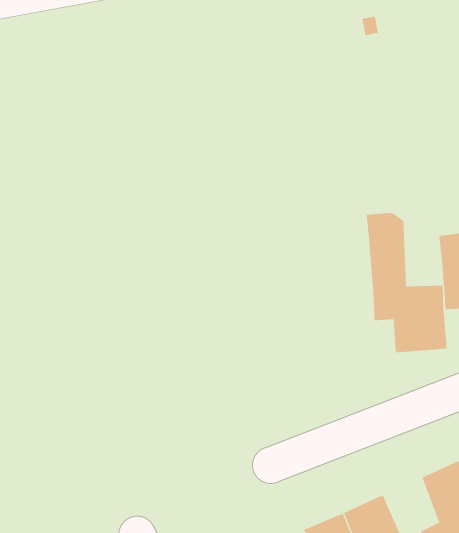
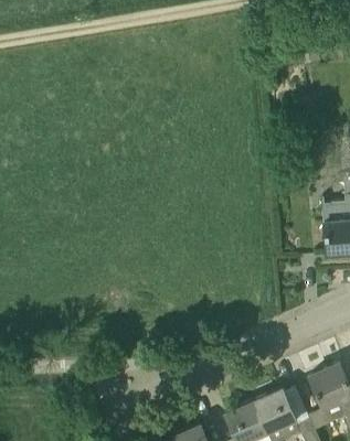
building: [366,212,447,353] -> none

